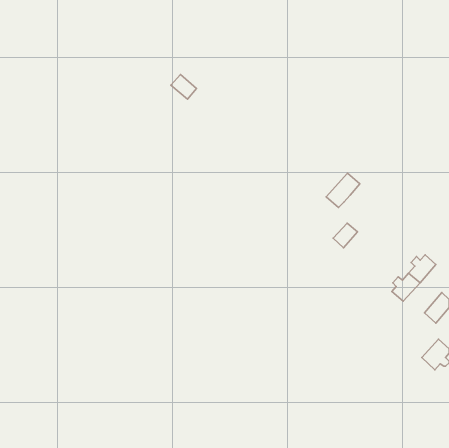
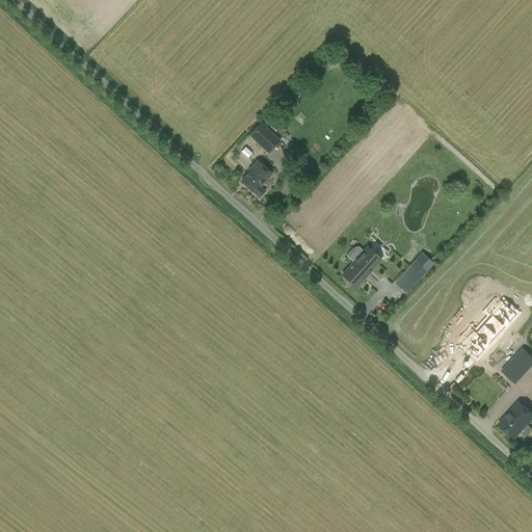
building: [171,75,196,99] -> [248,122,278,151]
building: none -> [241,159,271,196]
building: [326,173,360,208] -> [342,245,381,286]

